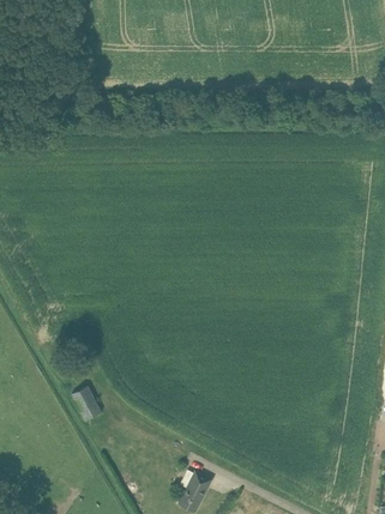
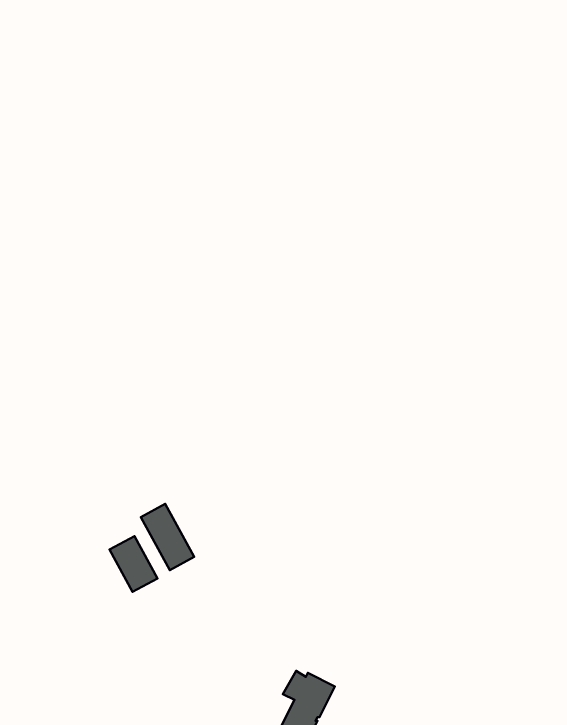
building: none -> [141,504,194,570]

